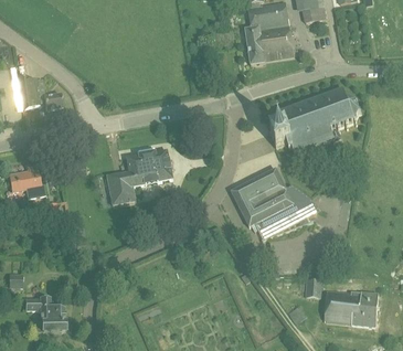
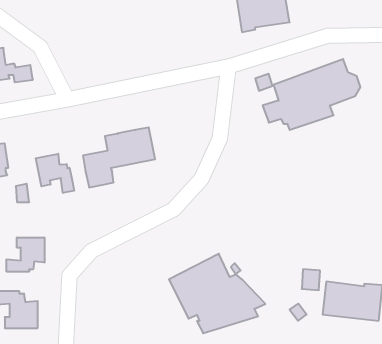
building: [231,167,318,238] -> [169,254,265,333]
building: none -> [36,154,74,193]
building: none -> [7,237,44,272]

